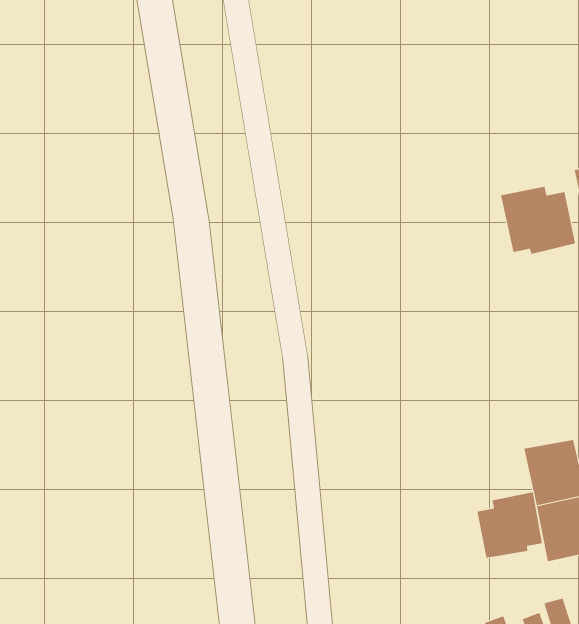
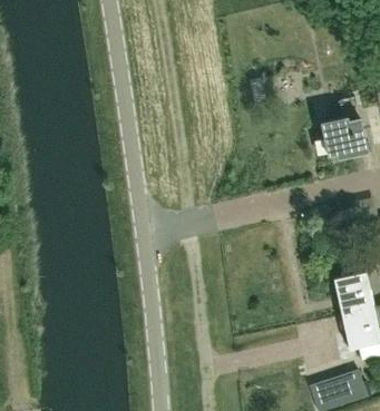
building: [477,491,543,558] -> none

